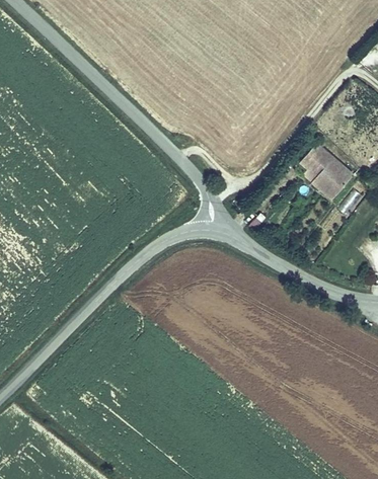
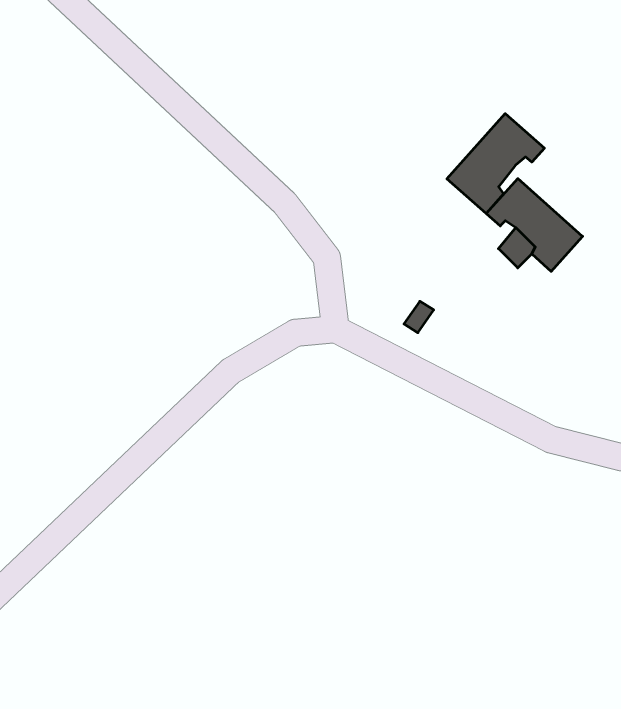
building: none -> [447,114,544,214]

